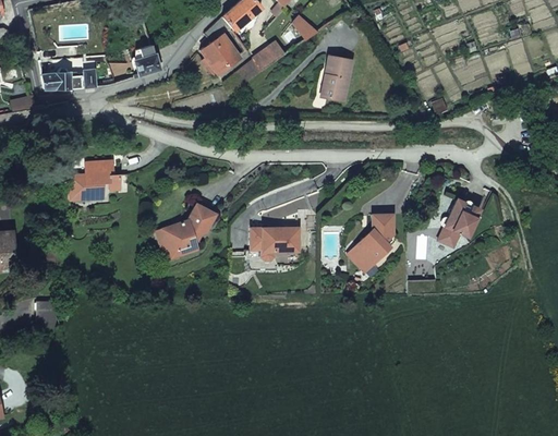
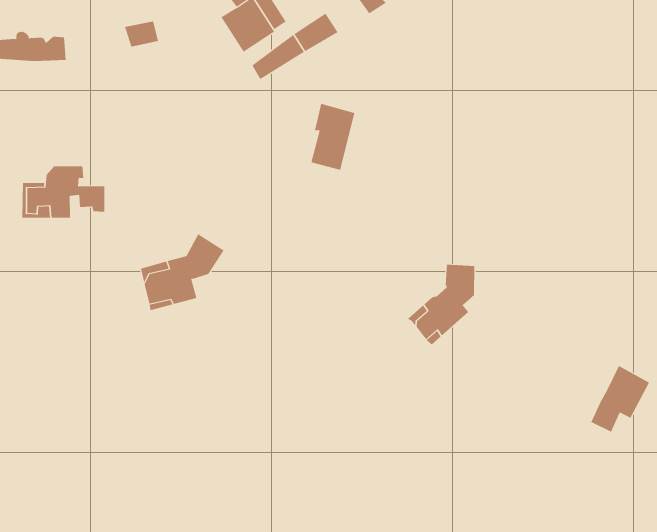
building: [325,54,354,101] -> [311,103,355,171]
building: [438,198,478,246] -> [590,365,650,433]
building: [250,227,299,261] -> none

